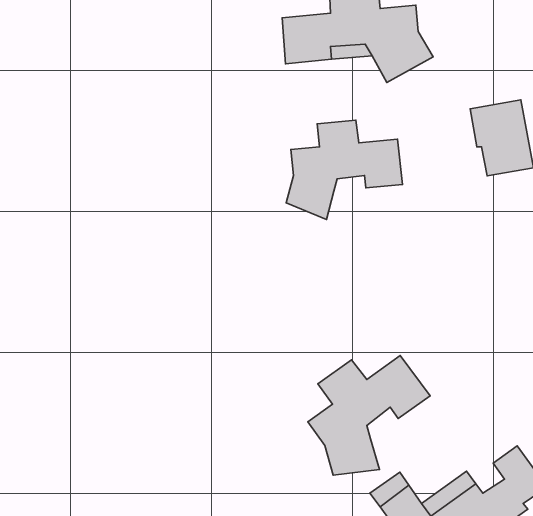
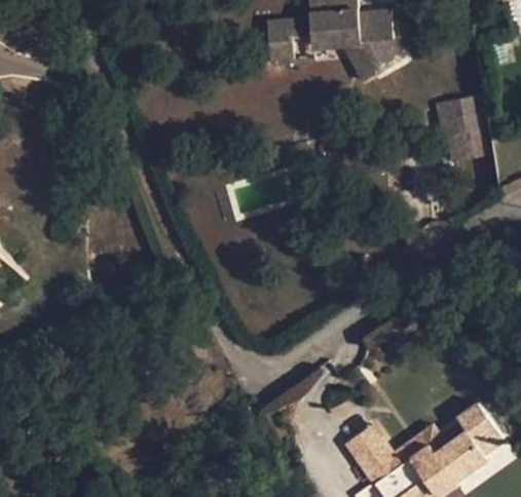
building: [286,120,403,220] -> none
building: [308,355,430,475] -> none

